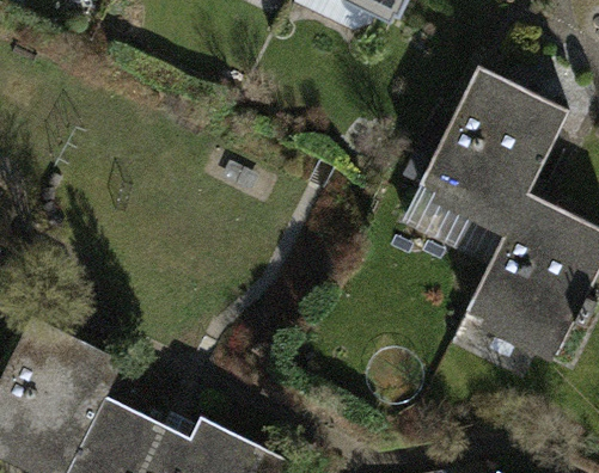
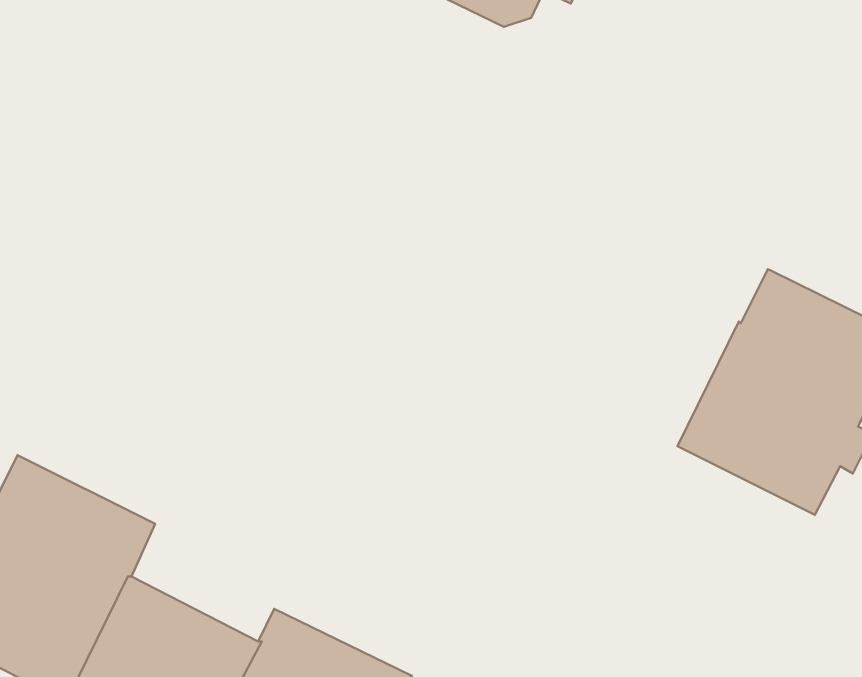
building: [407,66,568,228] -> none

